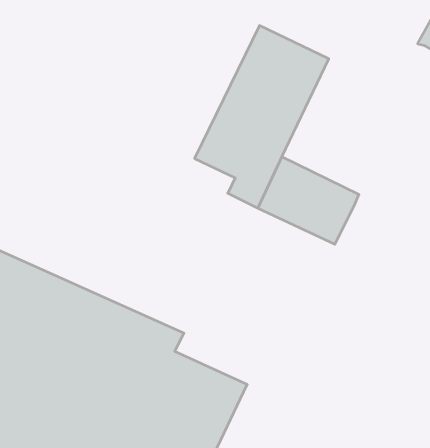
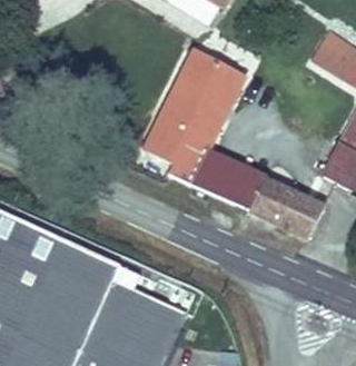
building: none -> [251,182,315,235]

